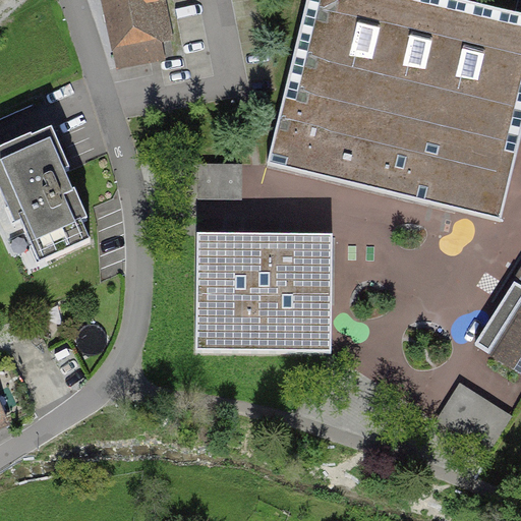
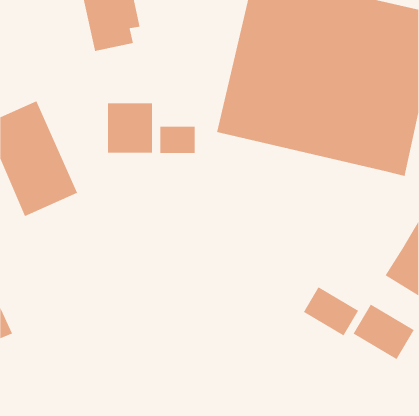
building: none -> [107,103,153,154]
building: [195,232,333,352] -> none
building: none -> [303,286,359,336]

